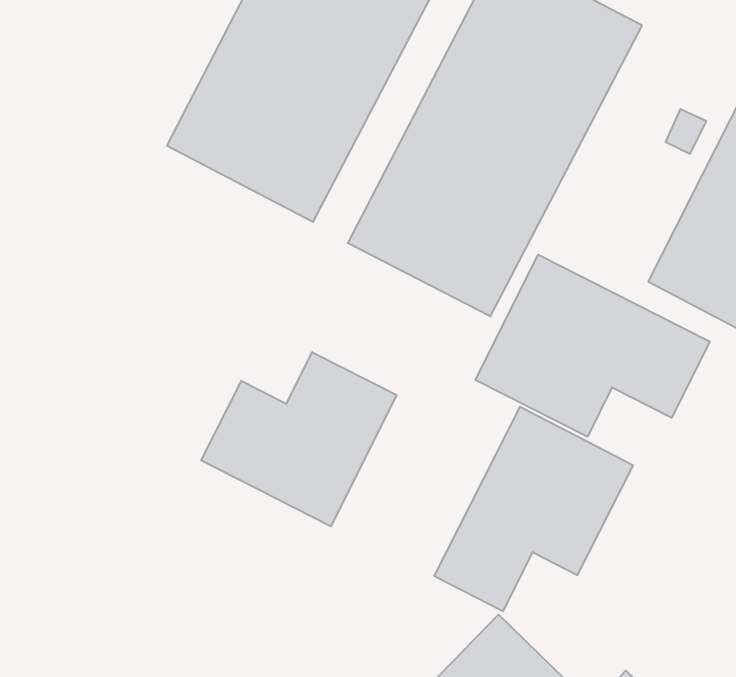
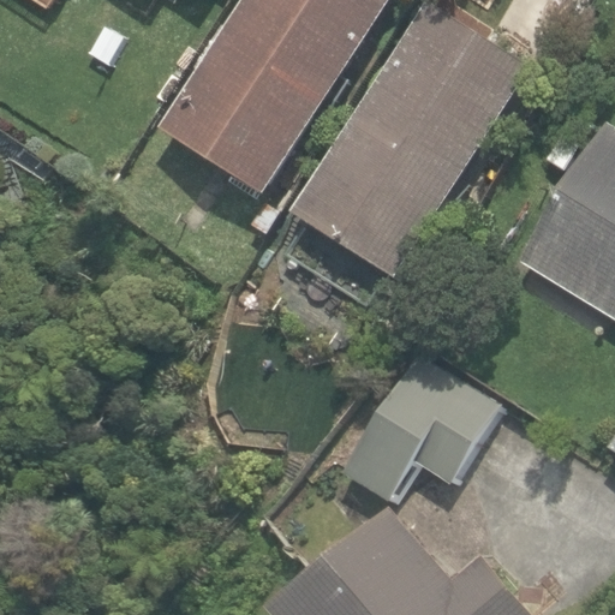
building: [476,255,710,437] -> none
building: [201,352,397,526] -> none

